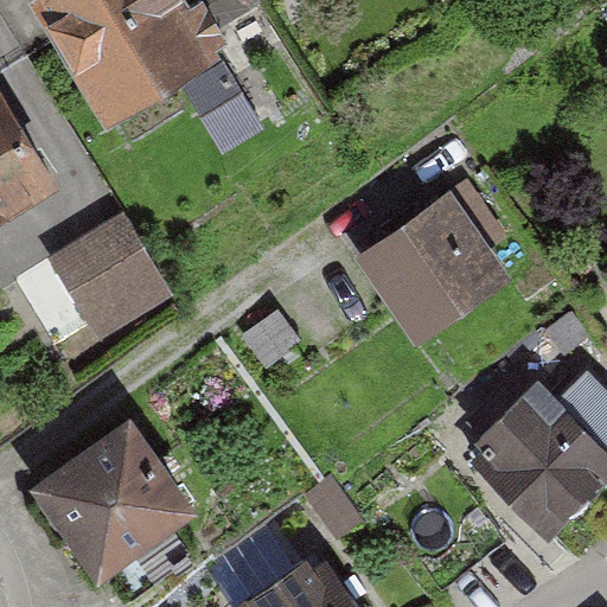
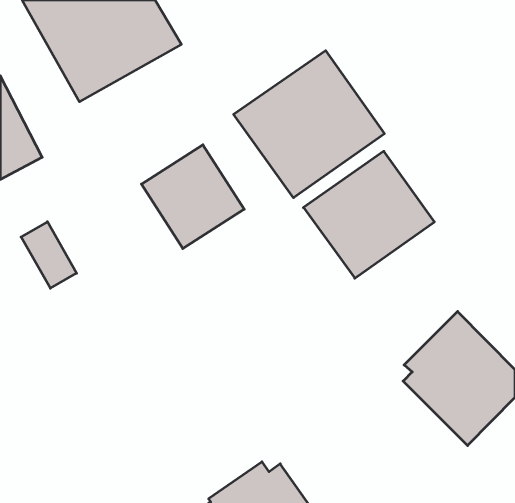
building: none -> [234,51,384,198]
building: [53,221,174,343] -> [141,145,244,249]
building: [31,413,200,580] -> none

